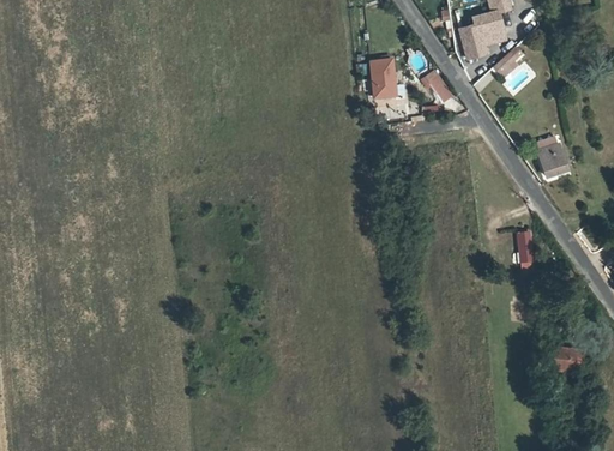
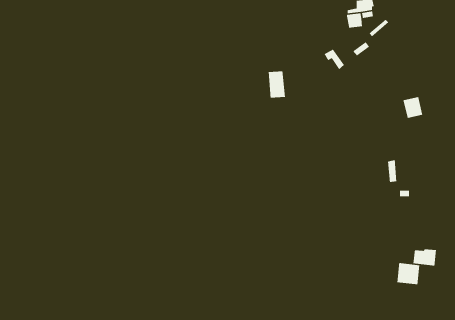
building: [372,58,396,95] -> [268,71,286,98]
building: none -> [396,262,420,285]

